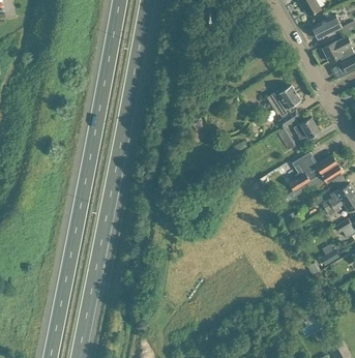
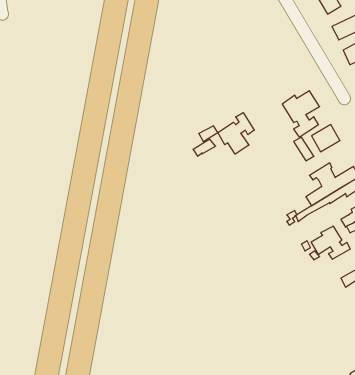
building: none -> [218,113,254,154]
building: none -> [311,226,350,259]

